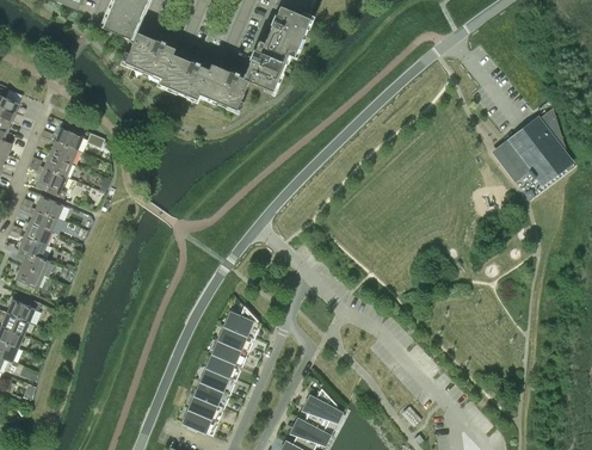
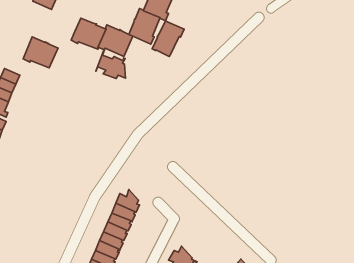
building: [123,32,174,78] -> [23,37,58,68]
building: none -> [152,21,184,57]
building: none -> [96,50,126,79]
building: [498,107,568,181] -> none

